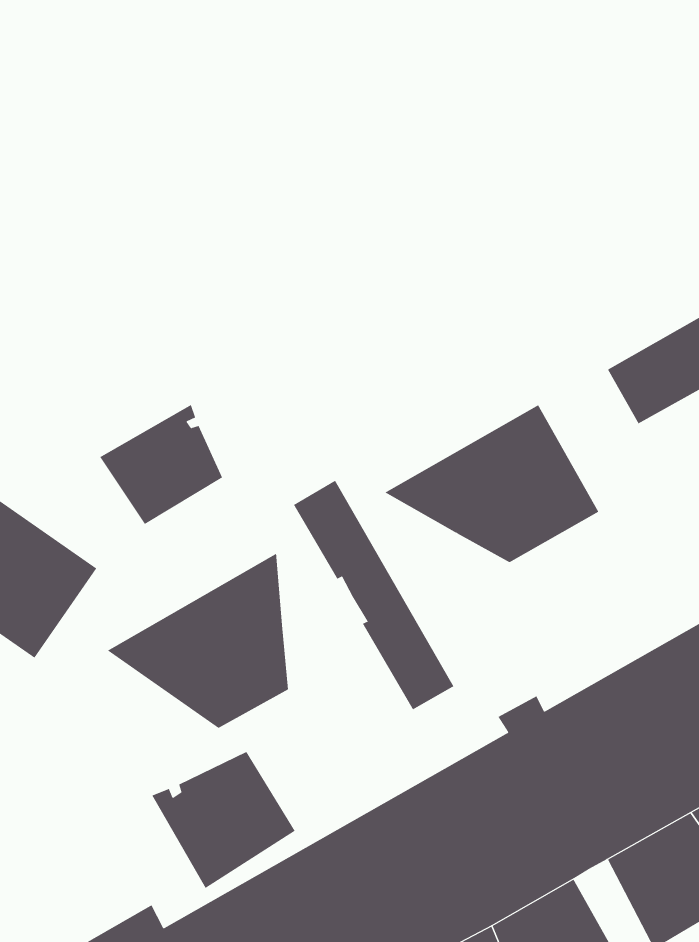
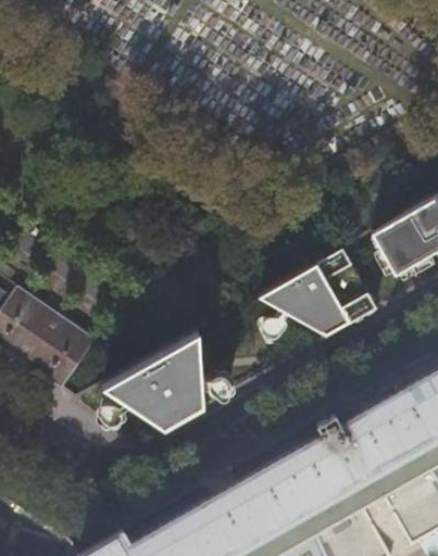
building: [100,404,223,525] -> none
building: [293,480,454,710] -> none
building: [151,751,295,889] -> none

